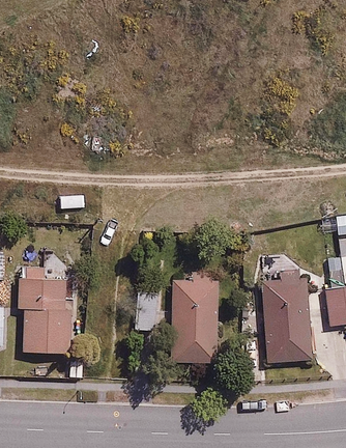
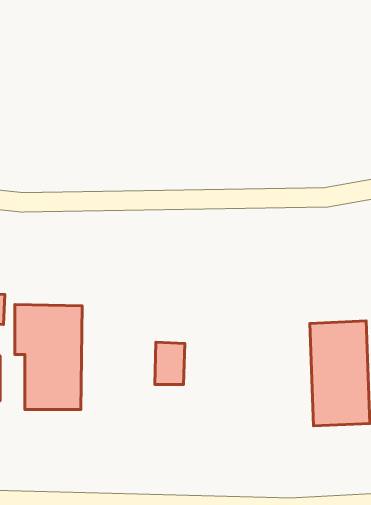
building: [174,279,218,361] -> none

